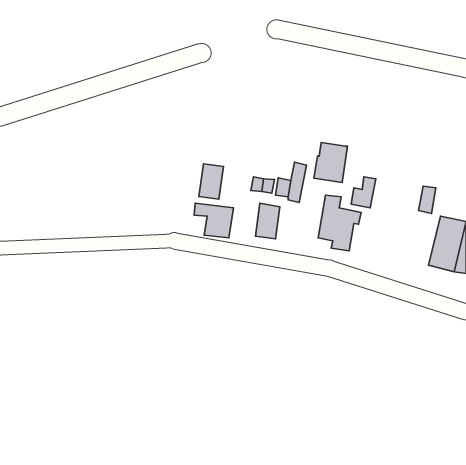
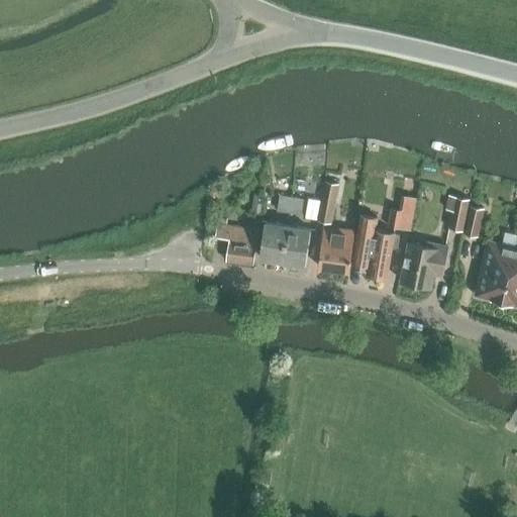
building: [314,142,347,183] -> [318,228,355,273]
building: [199,164,224,199] -> [261,223,288,263]
building: none -> [446,196,469,232]
building: none -> [401,242,447,288]

